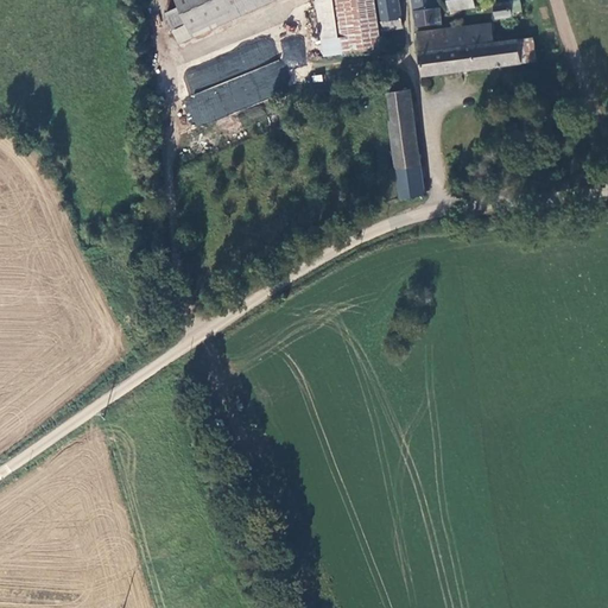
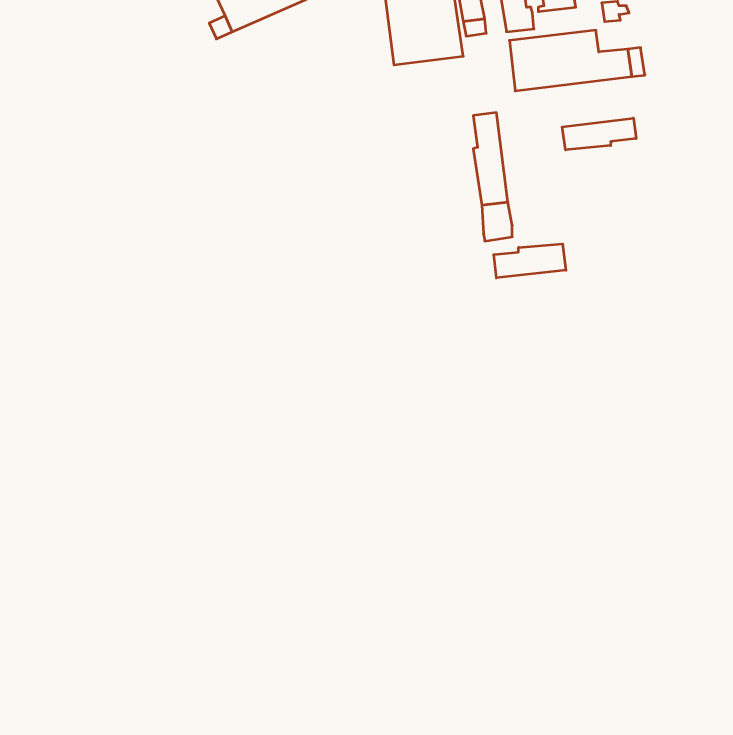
building: [179,31,305,122] -> none
building: none -> [562,118,636,150]
building: none -> [494,244,566,278]

